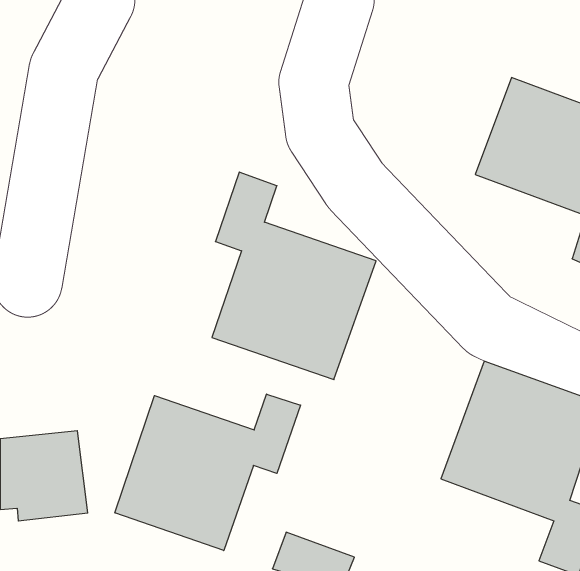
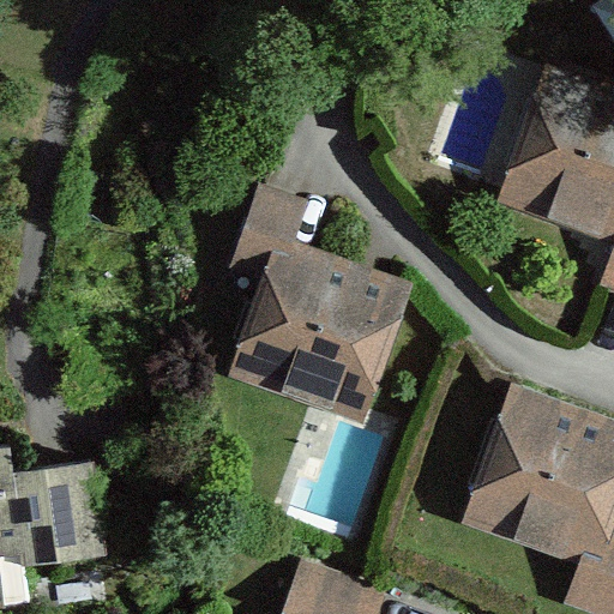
building: [115,394,301,551] -> none

